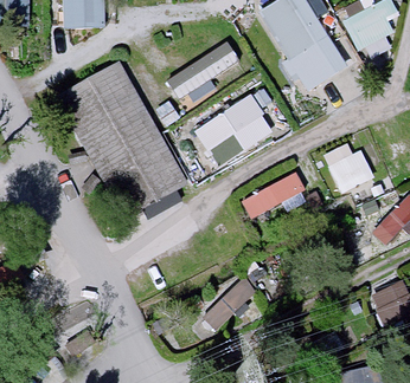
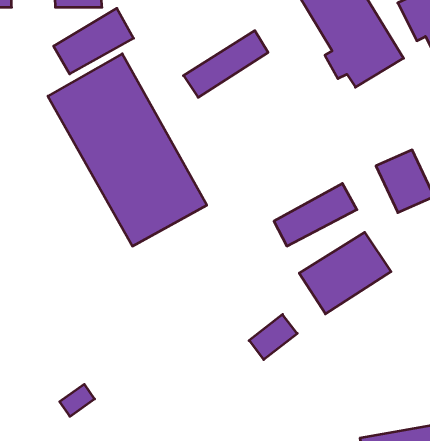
building: none -> [54,8,134,74]
building: [197,99,271,165] -> [299,232,391,314]

